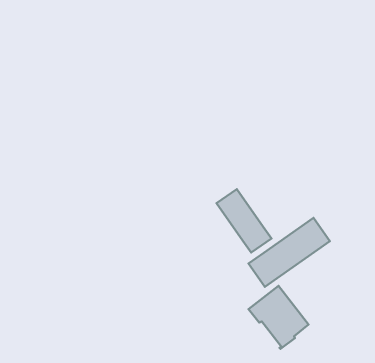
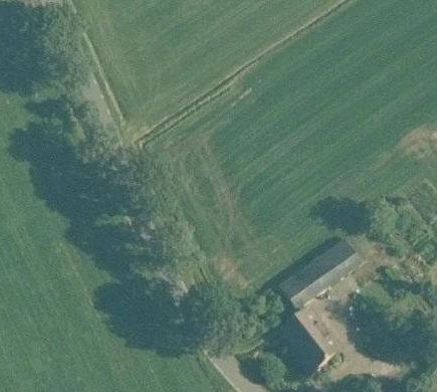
building: [217,189,271,252] -> none

